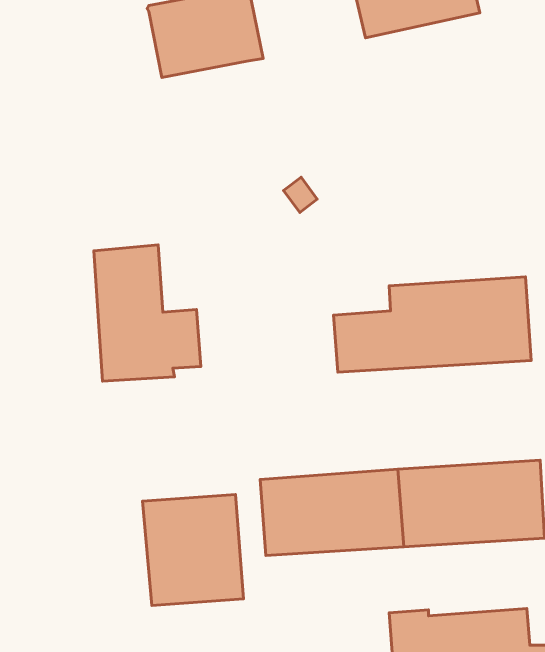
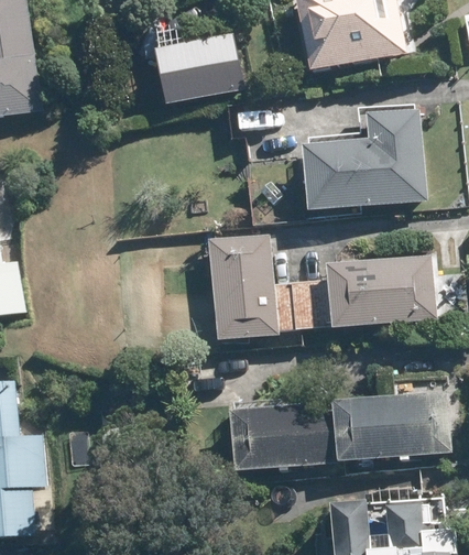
building: none -> [312,104,425,206]
building: [94,245,201,381] -> [216,235,296,337]
building: [142,494,243,606] -> none

